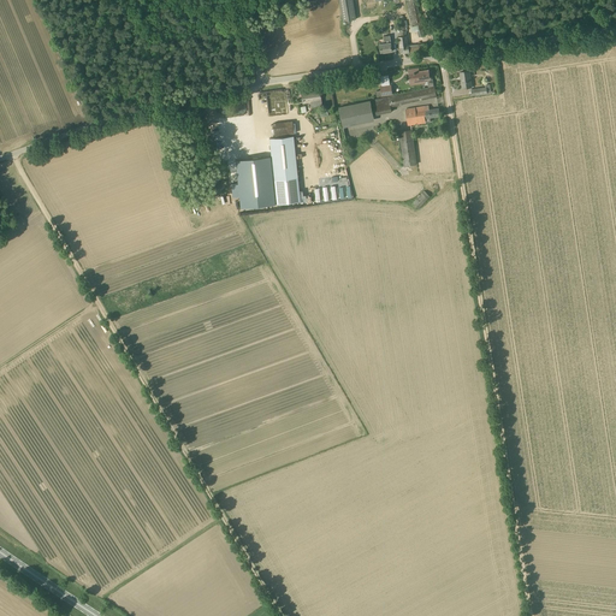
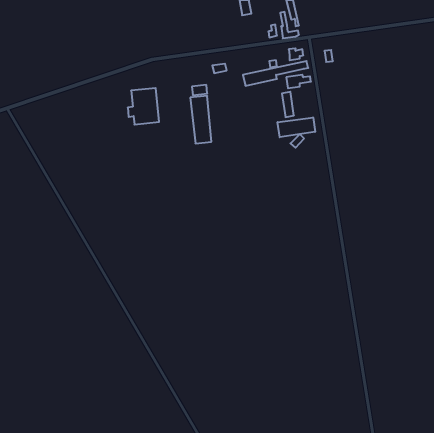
building: [231,158,276,209] -> [128,88,159,125]
building: none -> [278,117,315,137]

